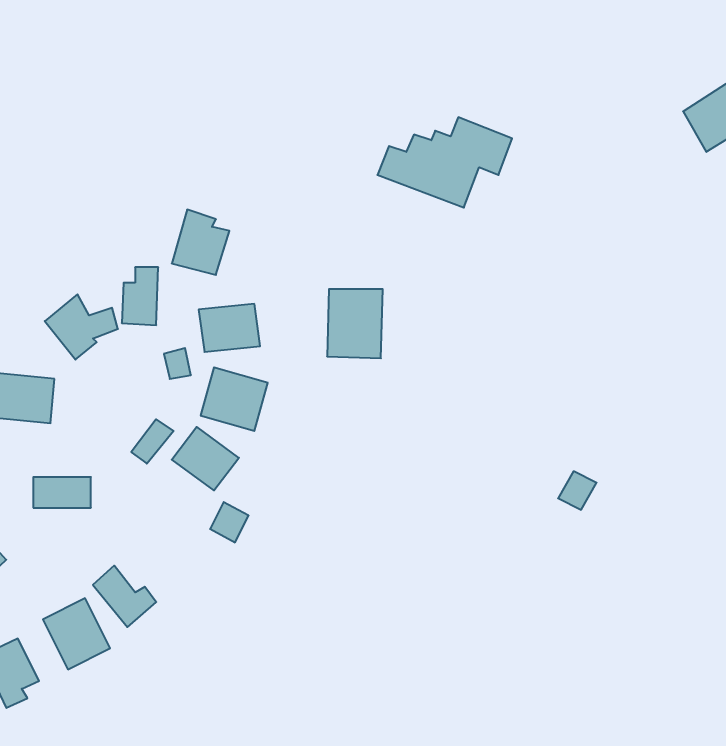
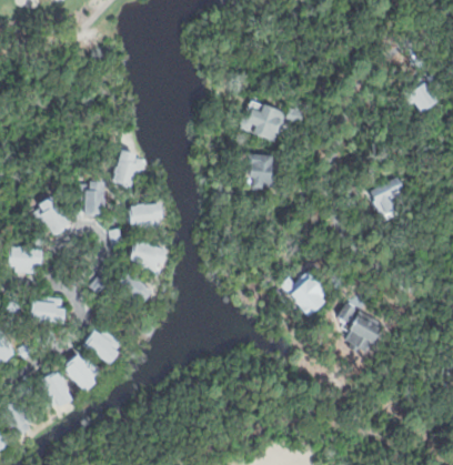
building: none -> [365,174,407,222]
building: [327,289,383,358] -> [246,152,279,192]
building: none -> [284,267,333,316]
building: none -> [345,313,386,362]
building: none -> [82,324,121,364]

